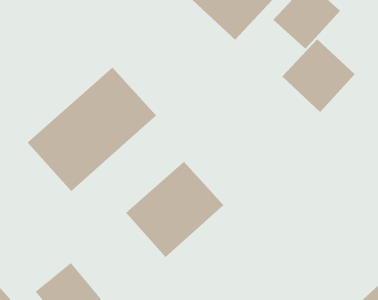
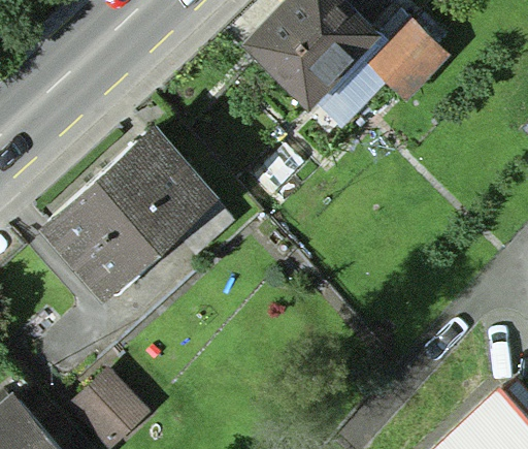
building: [282,38,356,113] -> none
building: [125,161,224,258] -> none

